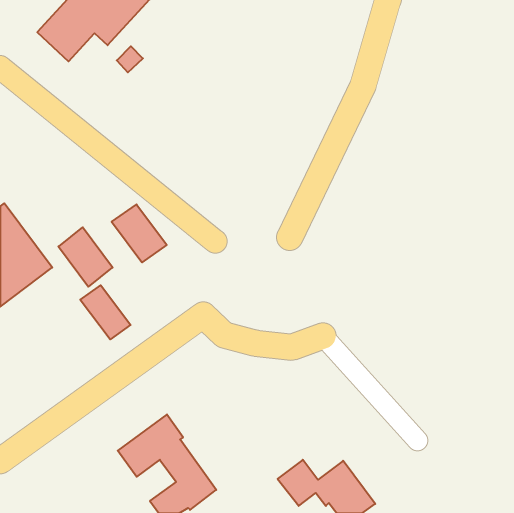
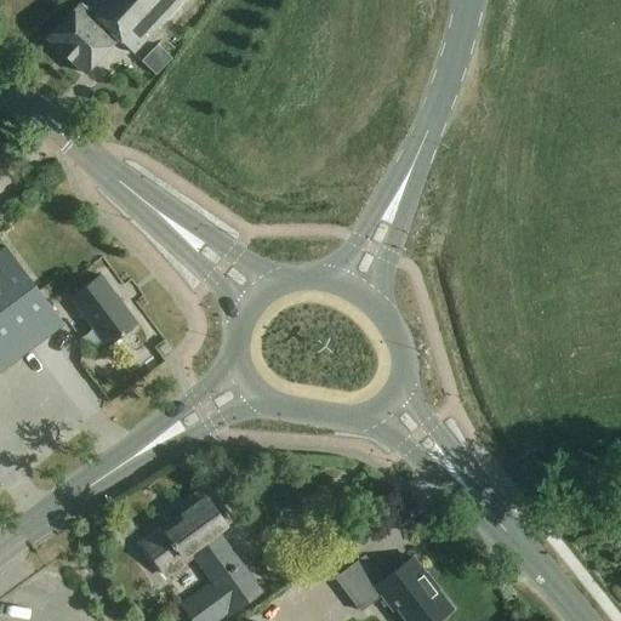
building: [112,204,167,262] -> none
building: [80,285,131,339] -> none

